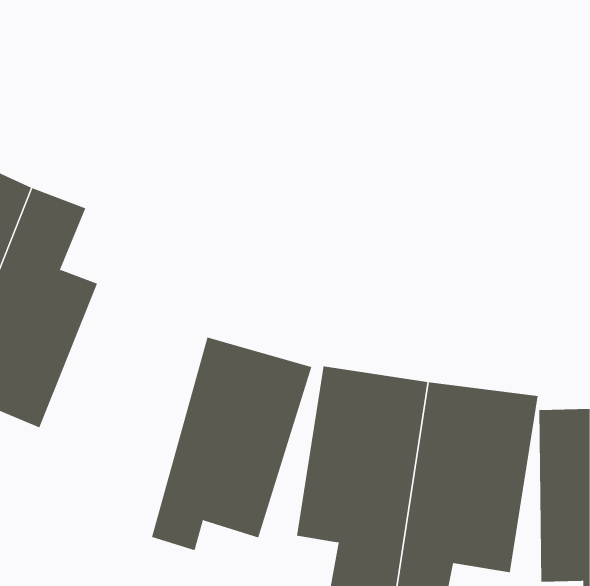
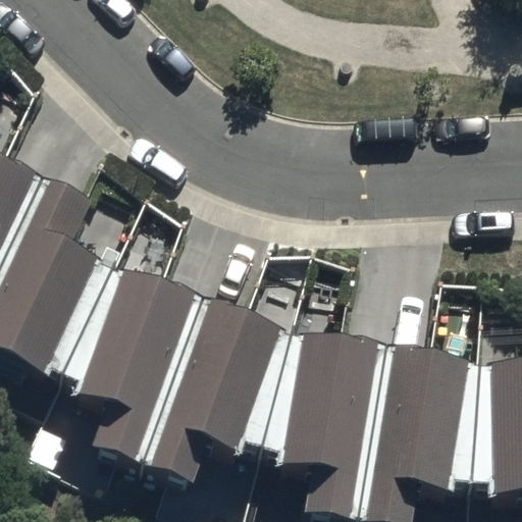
building: none -> [76,285,184,476]

